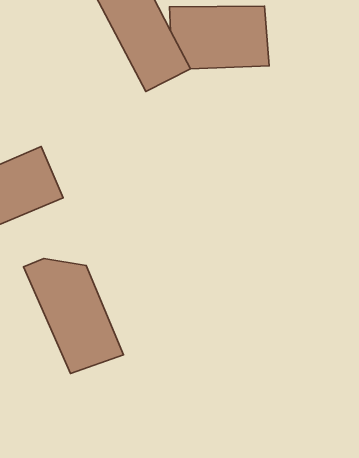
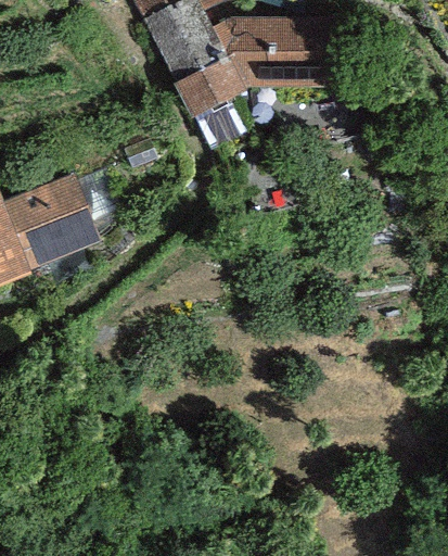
building: [23,258,123,373] -> none

